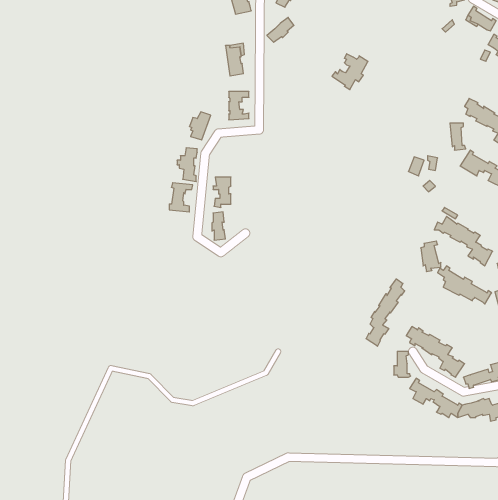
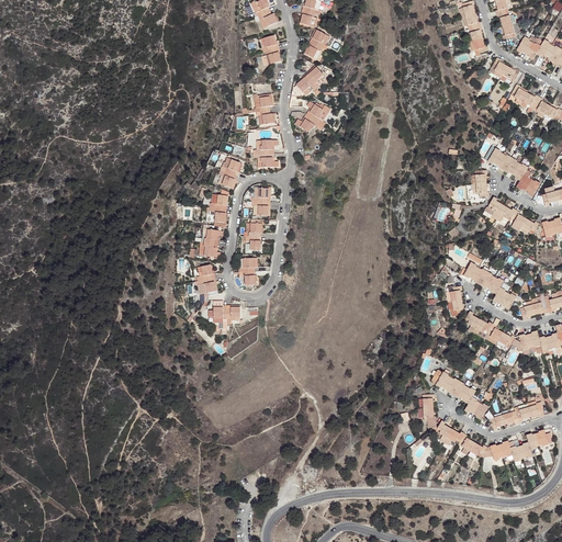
building: [332,54,368,90] -> [295,102,330,137]
building: none -> [254,188,270,215]
building: none -> [196,264,217,301]
building: none -> [214,301,240,323]
building: [366,279,405,346] -> none

